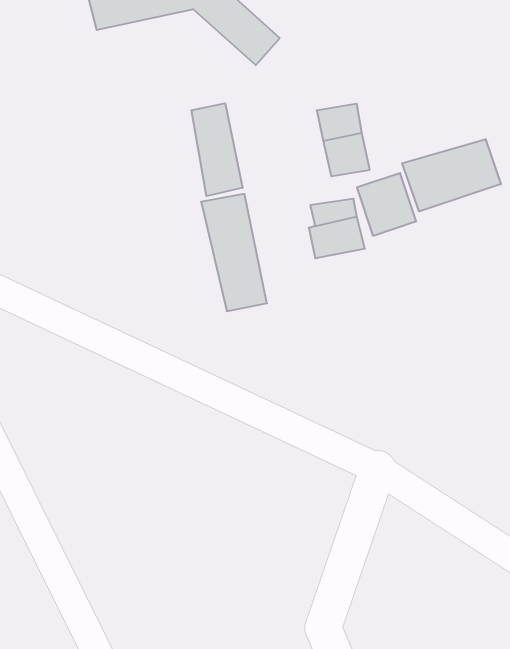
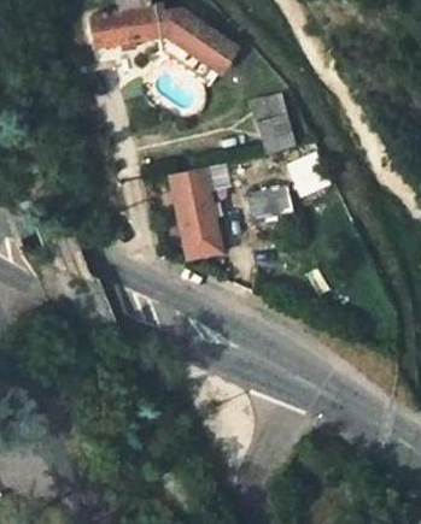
building: [191,103,243,196] -> none
building: [402,139,501,211] -> none

